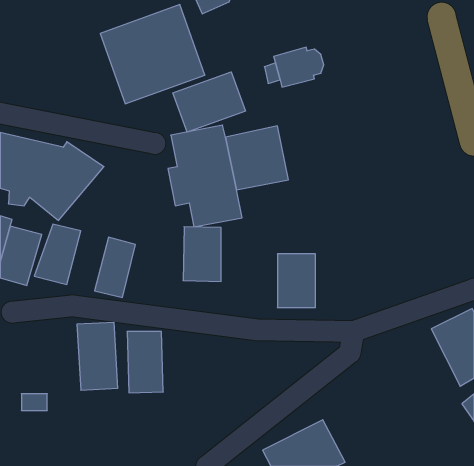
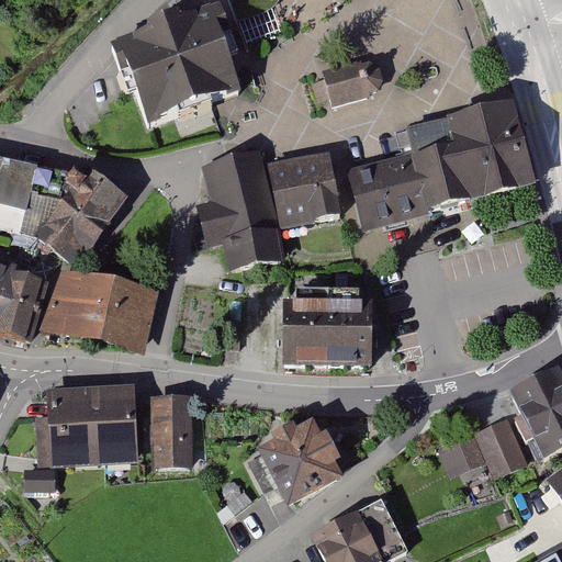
building: [173,72,246,132] -> none
building: none -> [347,101,533,228]
building: [183,227,221,281] -> [283,300,328,364]
building: none -> [79,273,128,345]
building: none -> [47,384,95,464]
building: none -> [439,414,529,475]
building: none -> [258,418,345,506]

